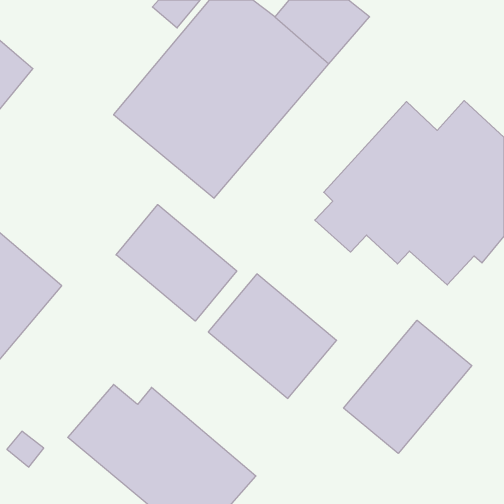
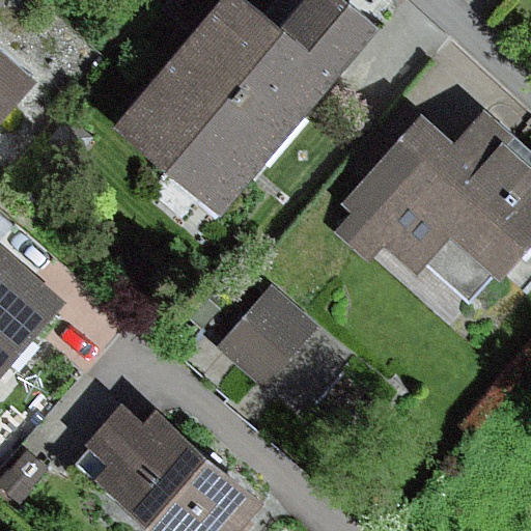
building: [116,205,237,321] -> none
building: [344,320,472,453] -> none

